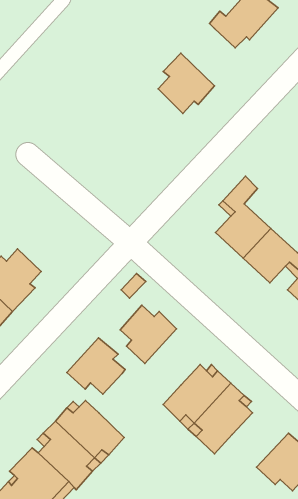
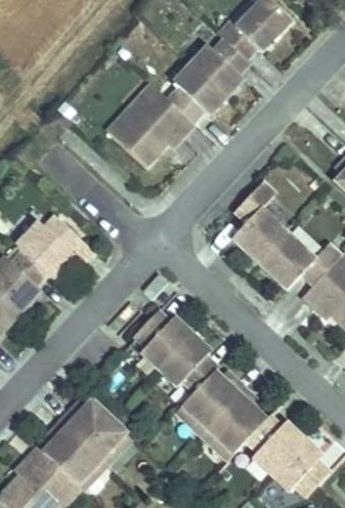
building: none -> [195,34,253,91]
building: none -> [112,84,198,161]
building: none -> [26,220,88,281]
building: [67,338,125,394] -> [159,334,217,390]
building: none -> [246,415,302,472]

